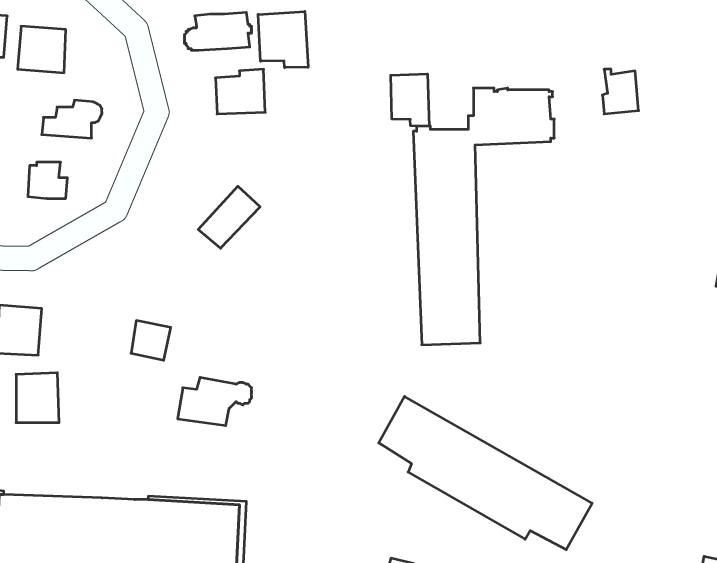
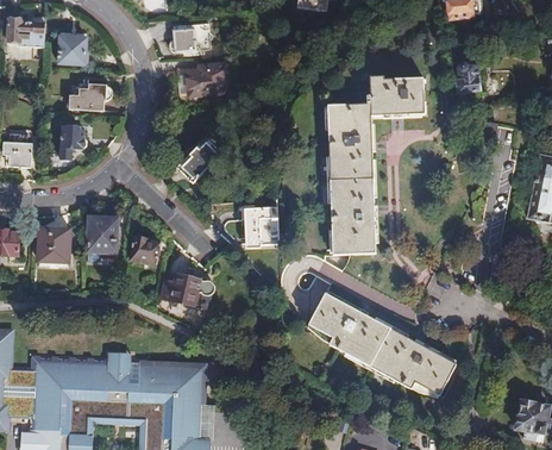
building: [258,11,308,68] -> none
building: [391,74,429,126] -> none
building: none -> [245,212,276,250]
building: [16,373,59,423] -> [87,218,117,252]

